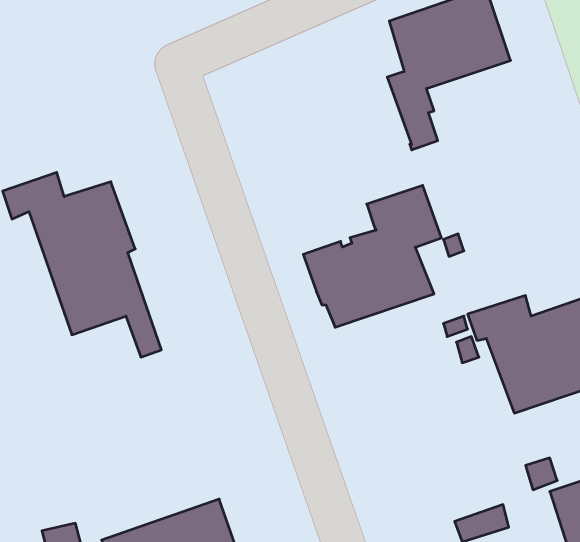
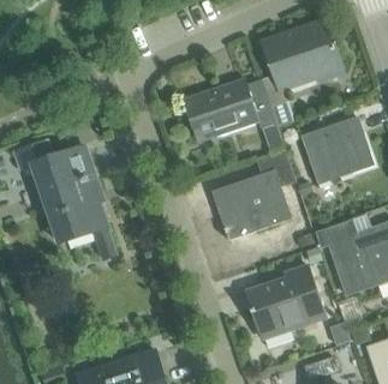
building: none -> [183,77,277,143]
building: none -> [302,115,375,182]
building: none -> [245,264,327,338]

